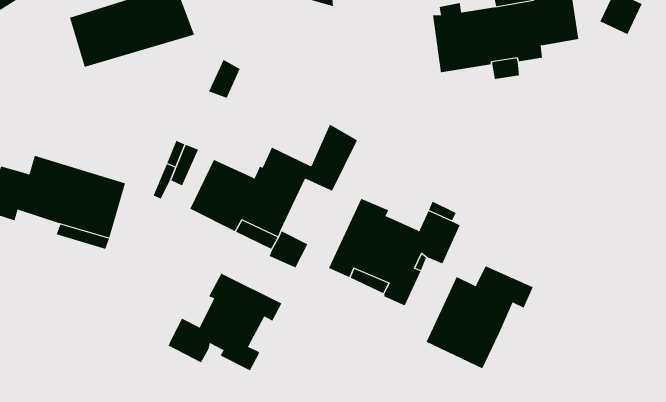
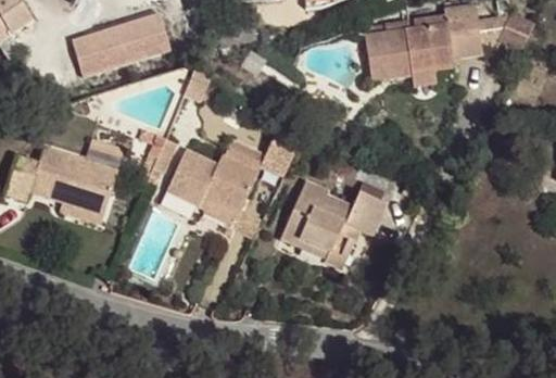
building: [426,265,533,369] -> none
building: [168,273,282,371] -> none

